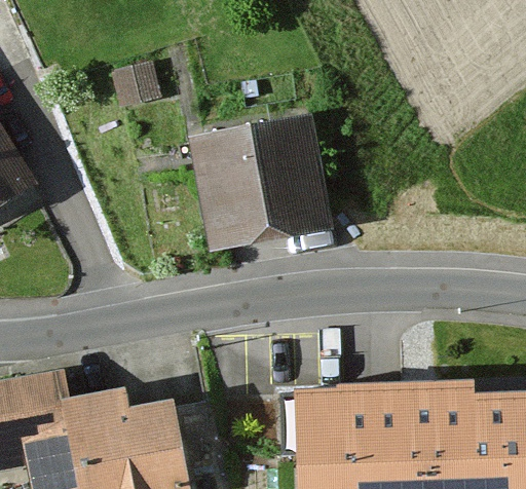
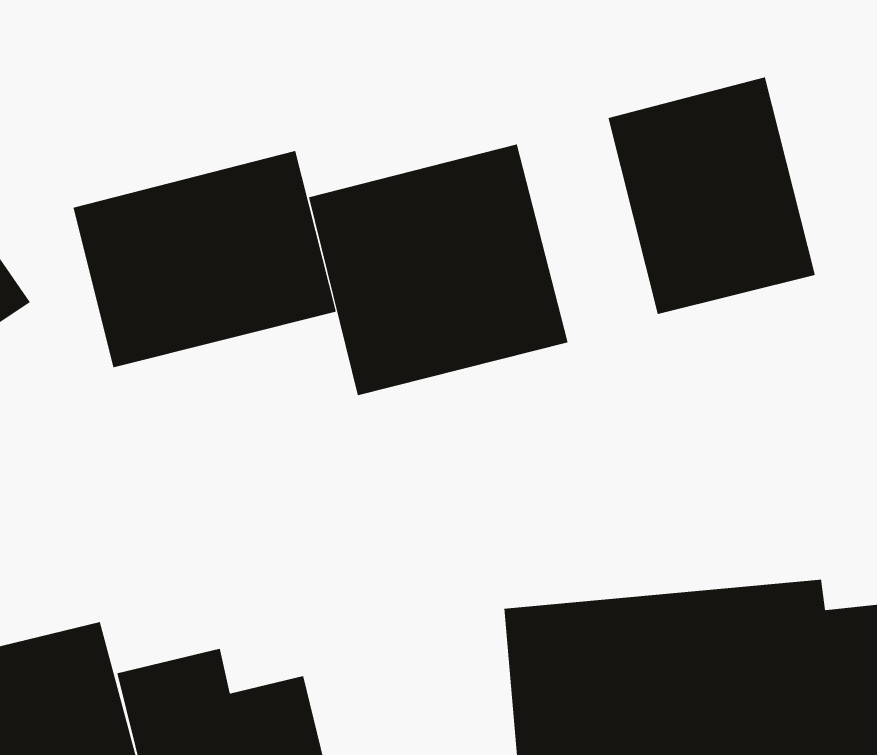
building: none -> [608,77,816,315]
building: none -> [73,150,336,368]

